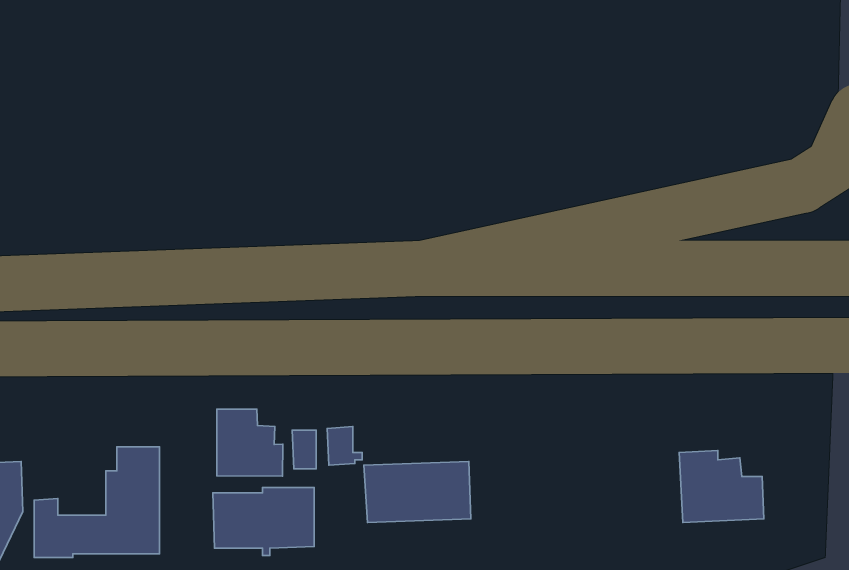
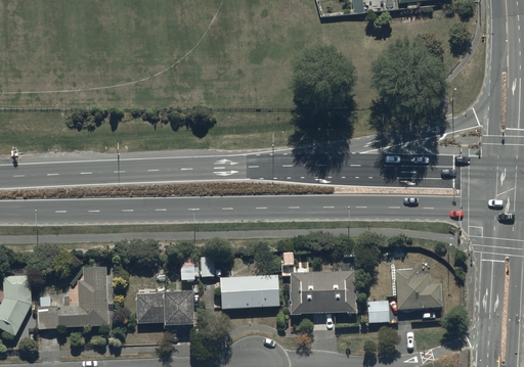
building: [217,409,283,476] -> none
building: none -> [289,271,356,314]
building: none -> [366,301,389,326]

